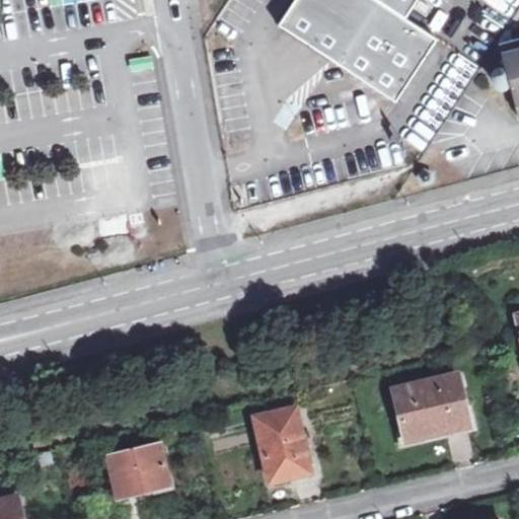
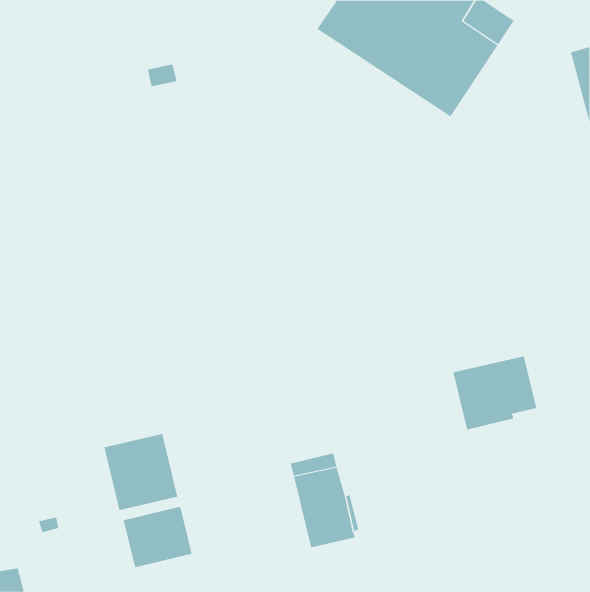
building: [395,375,469,440] -> [453,356,537,430]
building: none -> [104,433,178,511]

